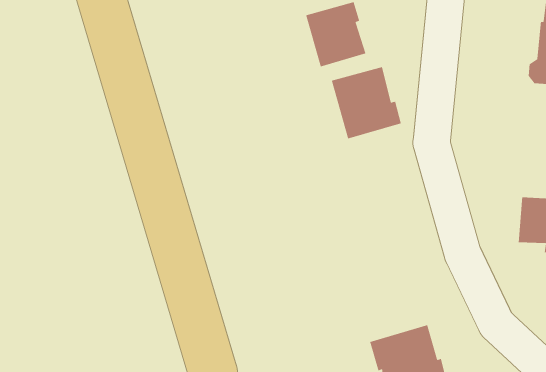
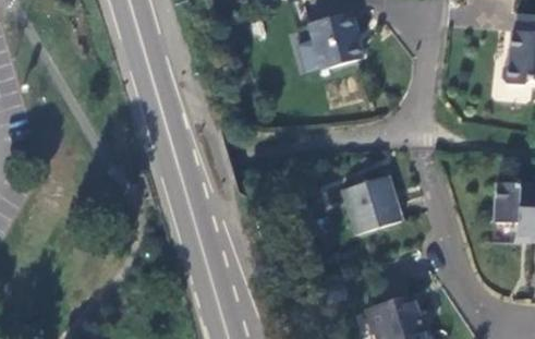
building: [331,66,402,140] -> none
building: none -> [342,174,402,234]

